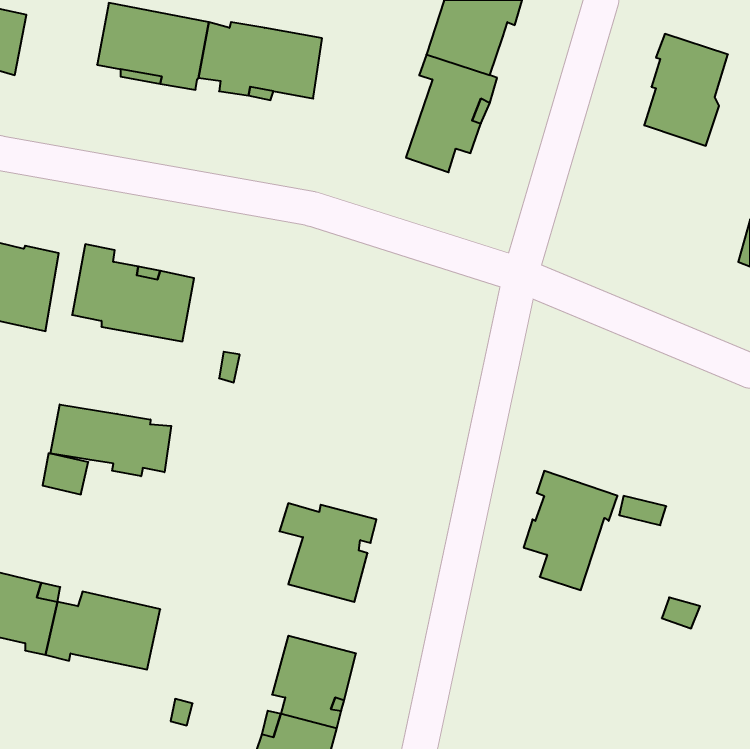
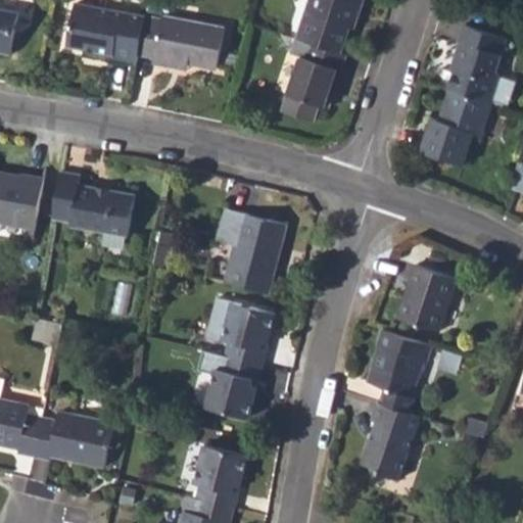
building: none -> [422,90,490,167]
building: none -> [213,208,284,293]
building: none -> [394,265,454,332]
building: [50,404,171,476] -> none
building: none -> [204,295,276,363]
building: none -> [360,402,417,480]

